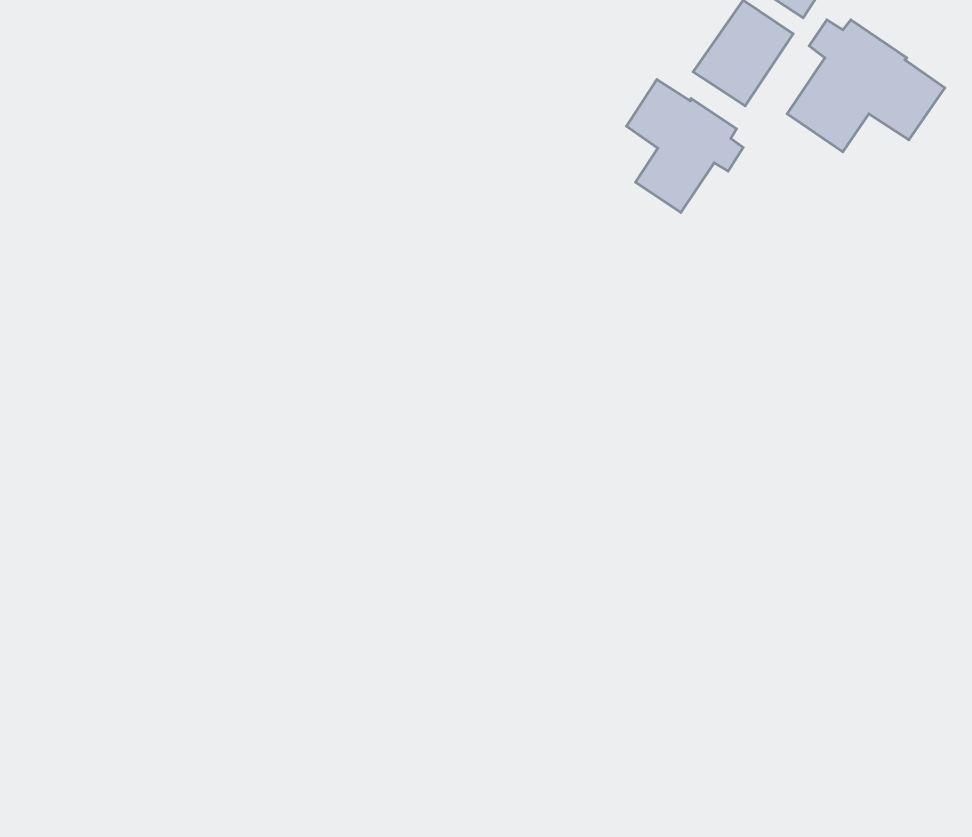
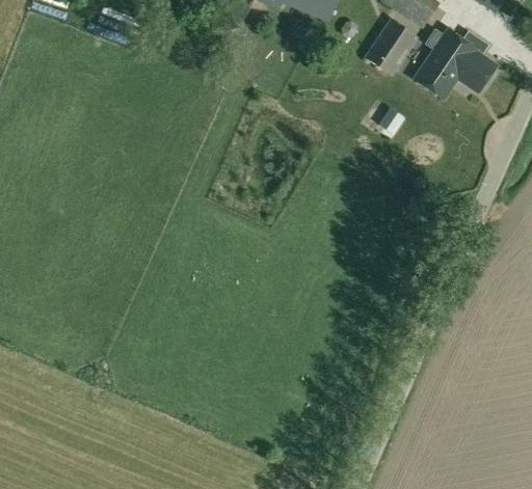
building: [626,79,743,213] -> none

